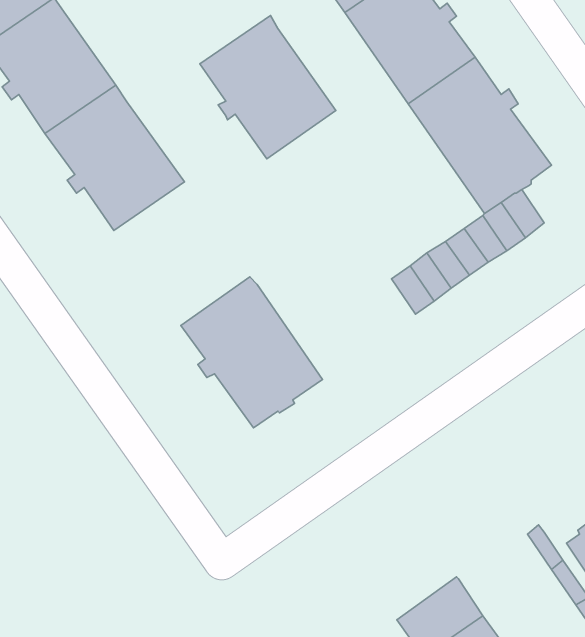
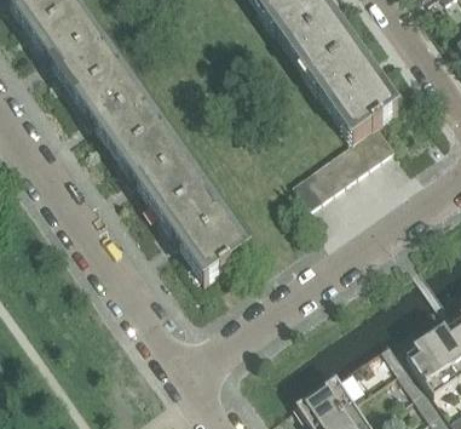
building: [200,15,336,159] -> [115,119,203,212]

